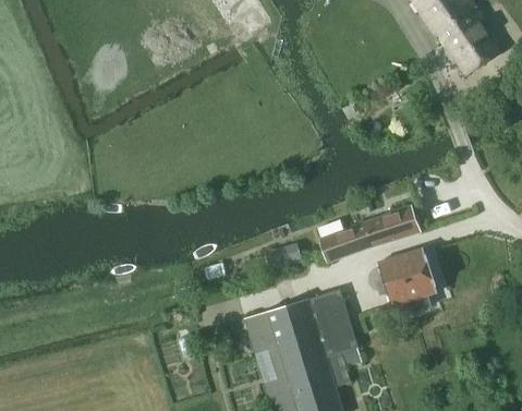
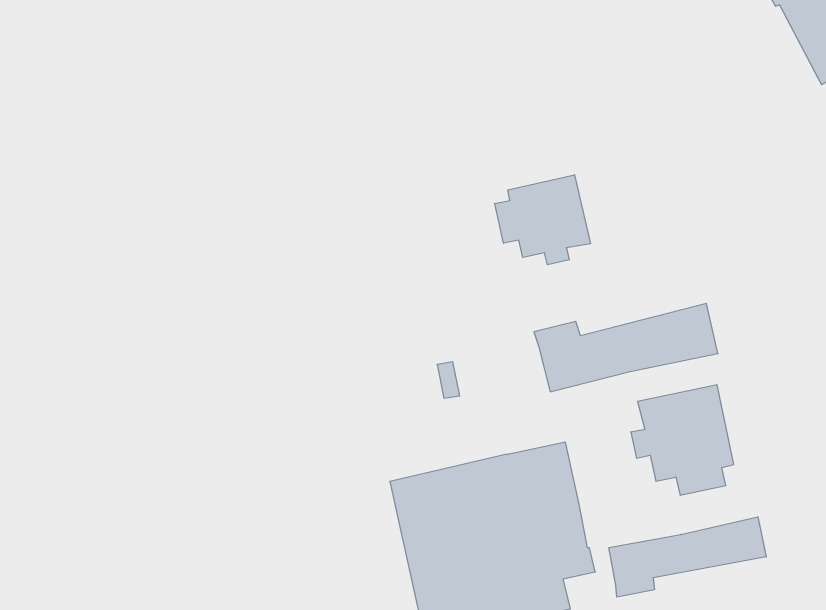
building: none -> [495,175,590,265]
building: none -> [609,517,766,597]

